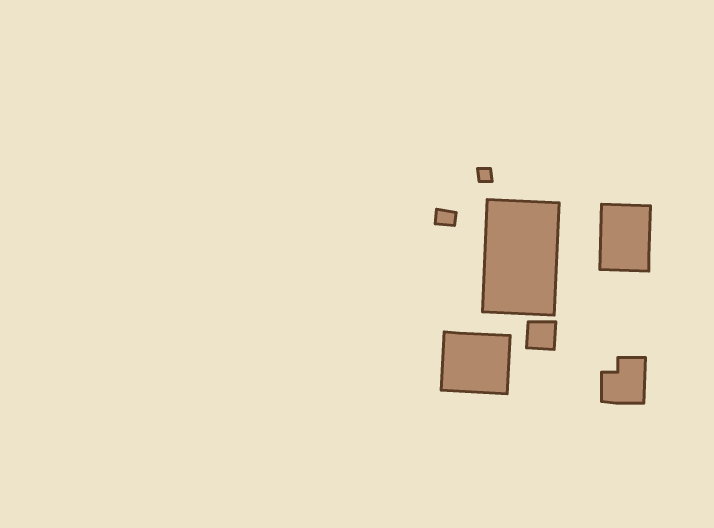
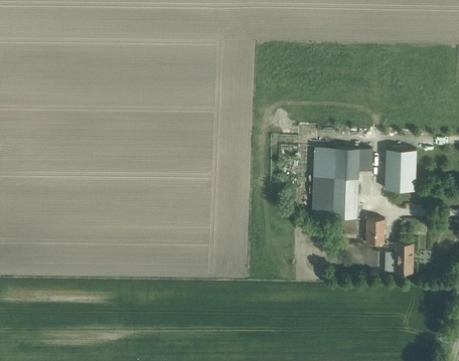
building: none -> [366,219,385,244]
building: [441,332,510,394] -> none

